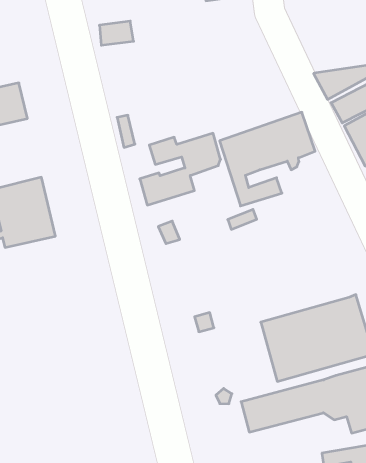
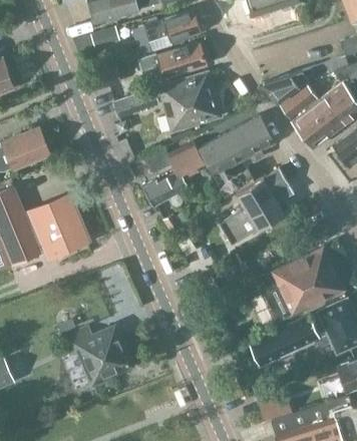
building: none -> [137,41,207,80]
building: none -> [112,71,221,131]
building: none -> [219,167,294,243]
building: none -> [63,327,128,384]

